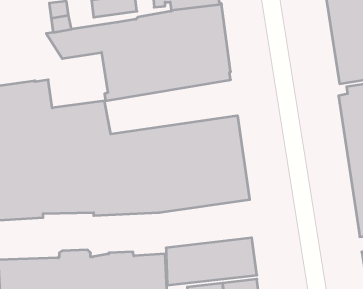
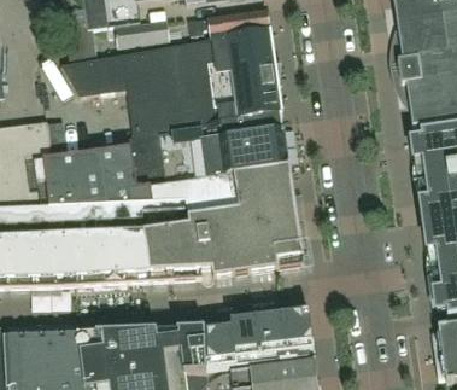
building: none -> [130,121,288,186]

